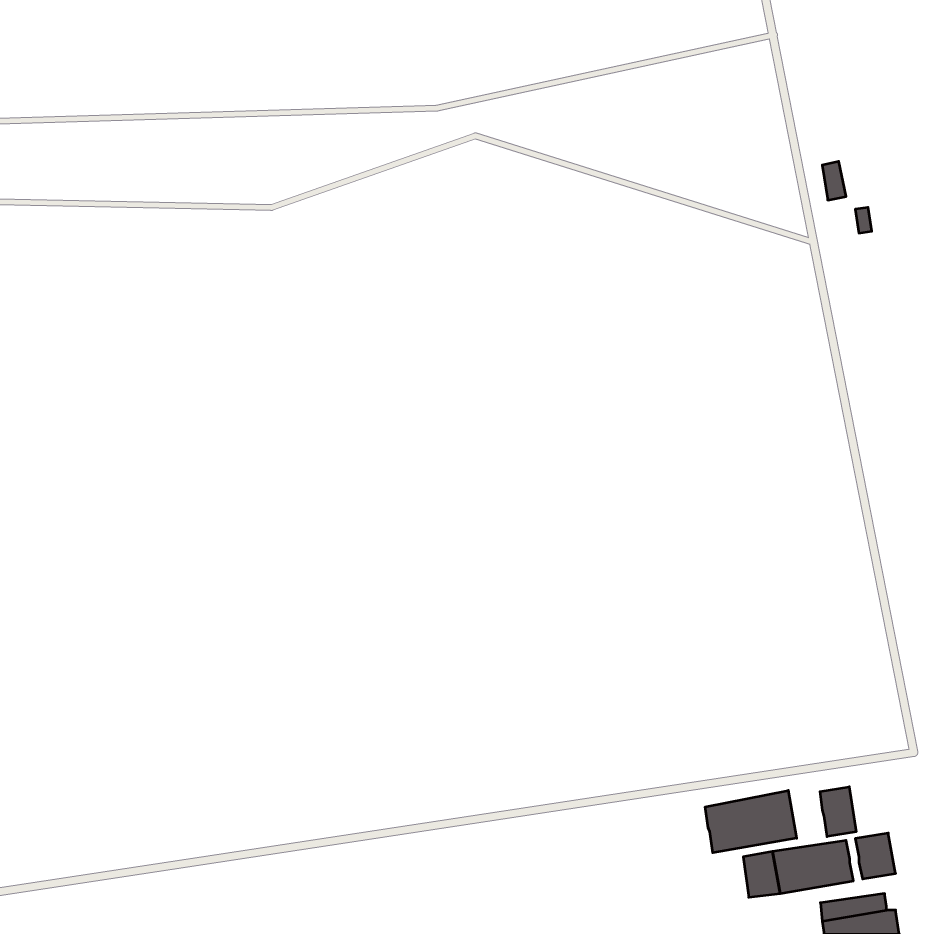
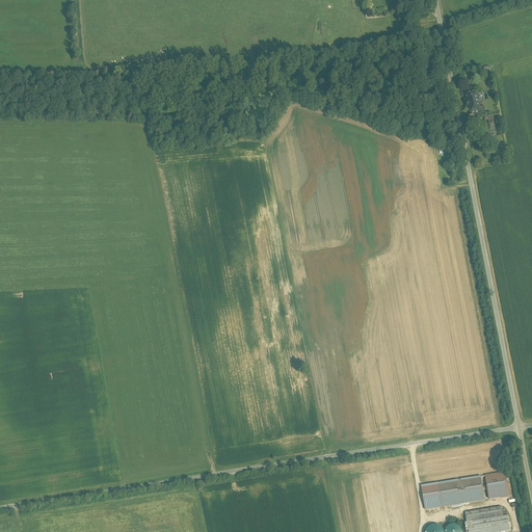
building: [820,787,856,837] -> none
building: [705,790,797,853] -> none

